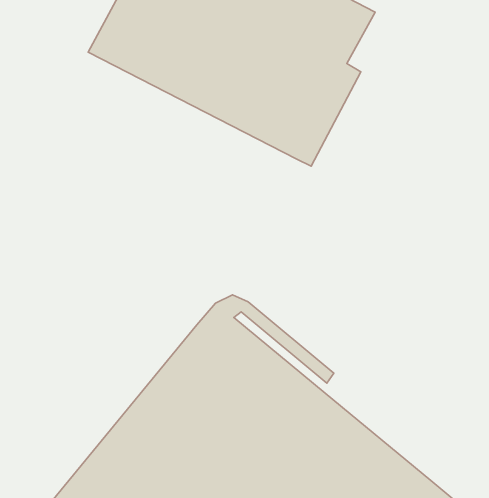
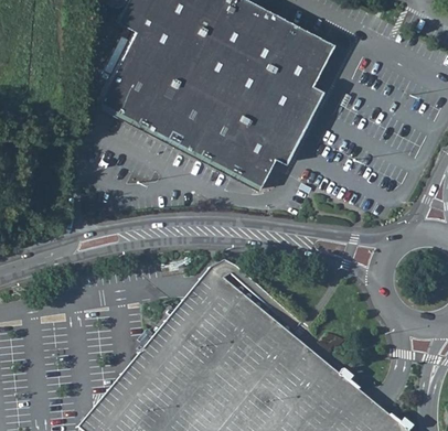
building: none -> [97,74,275,190]

